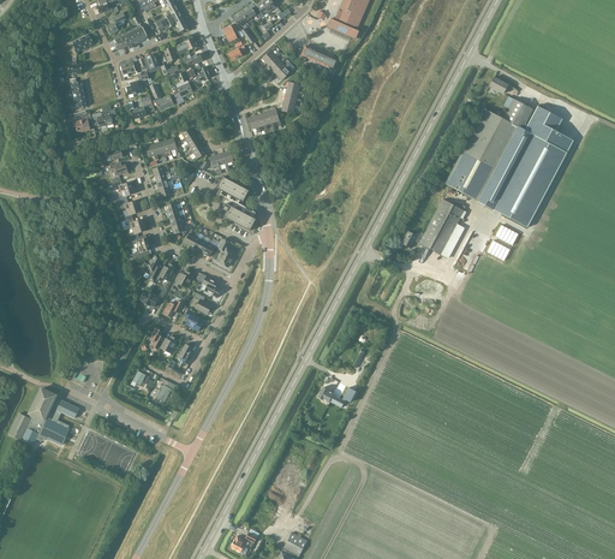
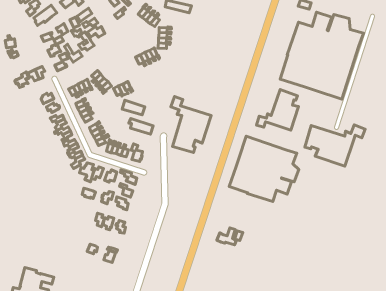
building: none -> [171,97,211,153]
building: none -> [229,136,299,201]
building: none -> [305,125,365,166]

